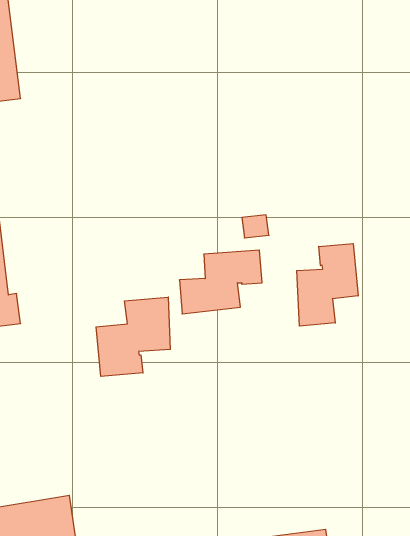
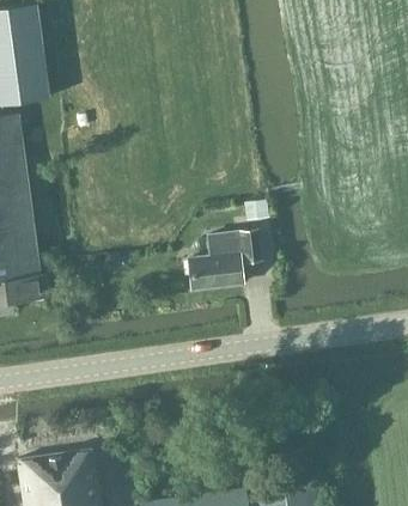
building: [297,244,358,326] -> none
building: [96,297,170,376] -> none

